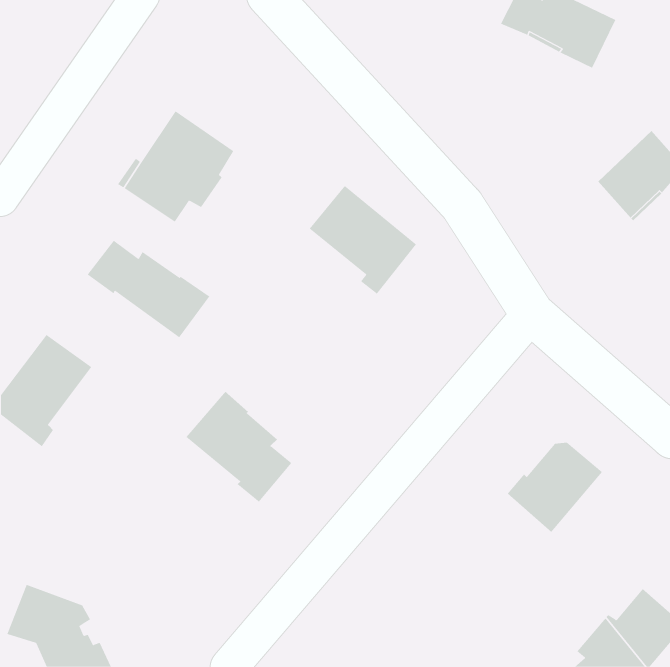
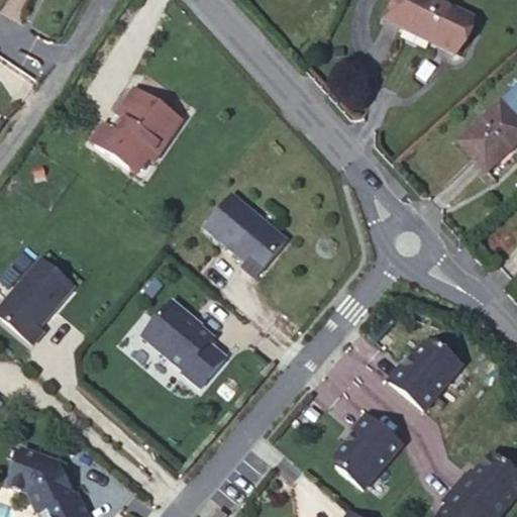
building: [309,185,417,294] -> [204,193,287,277]
building: [87,240,210,338] -> none
building: none -> [335,413,403,490]

